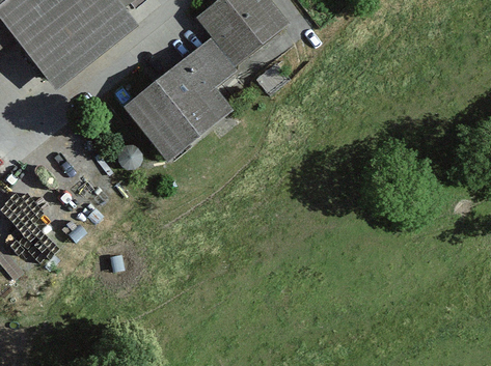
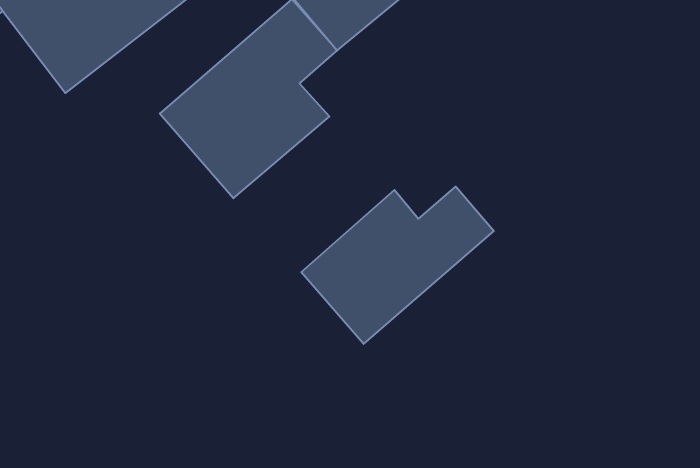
building: none -> [301,187,494,344]

